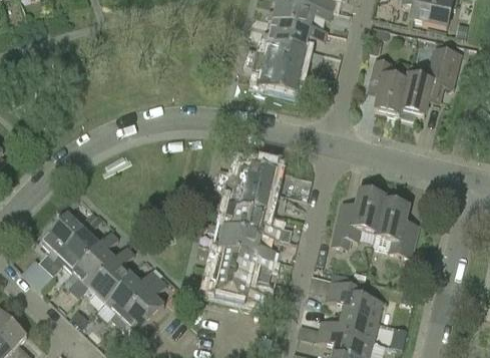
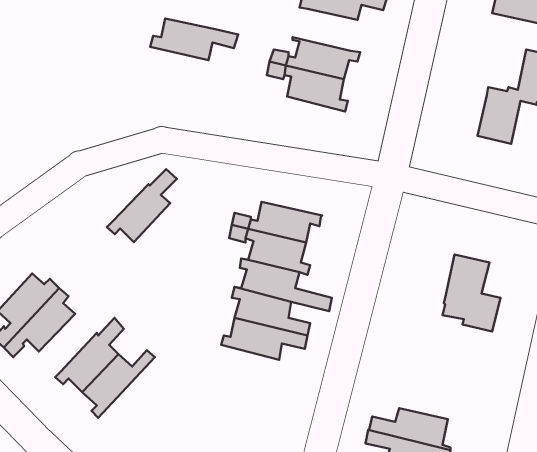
building: [262,16,327,47] -> [150,18,238,60]
building: [368,60,406,116] -> none
building: [333,190,383,248] -> none
building: [69,232,121,286] -> [107,169,177,242]
building: [207,266,265,302] -> none
building: [326,269,382,321] -> none
building: [117,275,168,331] -> none

